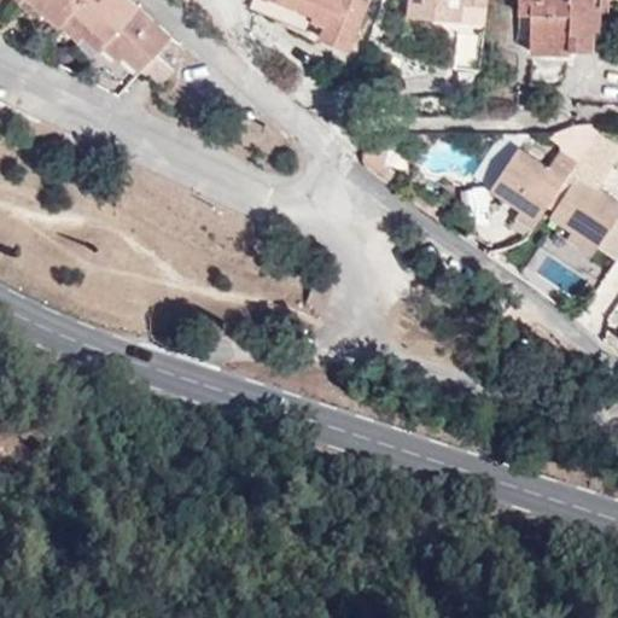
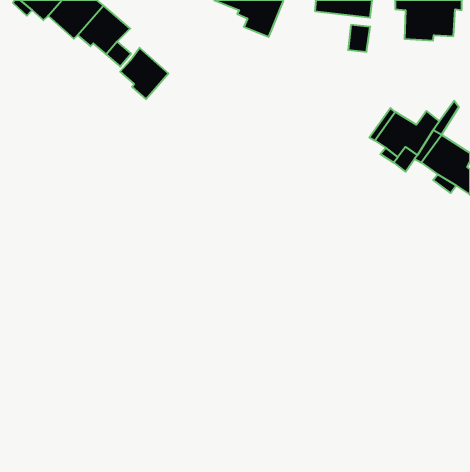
building: none -> [120,48,168,99]

